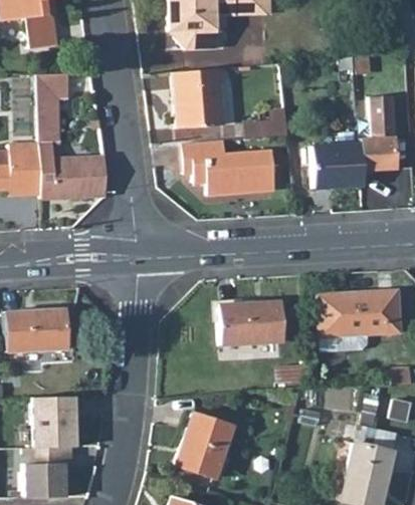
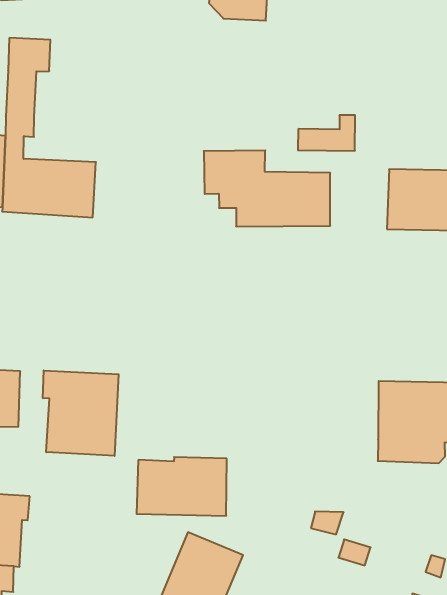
building: [173,68,226,129] -> none
building: [218,301,283,345] -> [137,457,227,516]
building: none -> [43,370,119,456]

